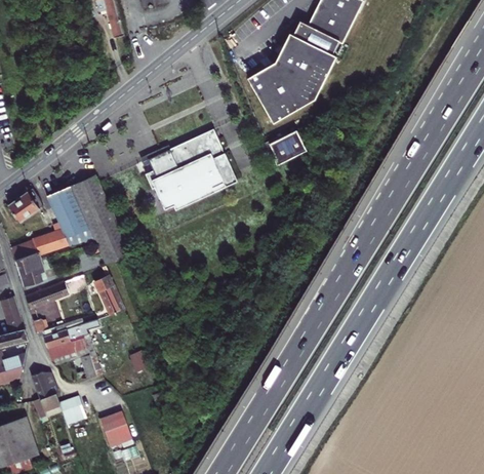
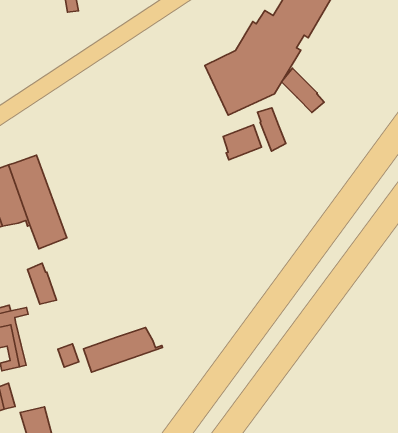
building: none -> [282,68,324,113]
building: none -> [258,108,286,151]
building: [144,129,236,210] -> none
building: none -> [84,327,163,372]

